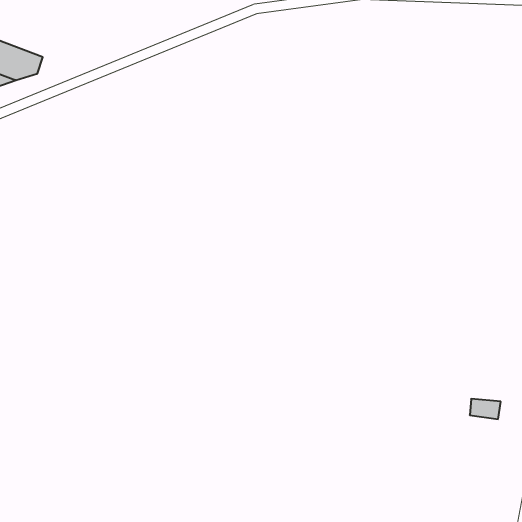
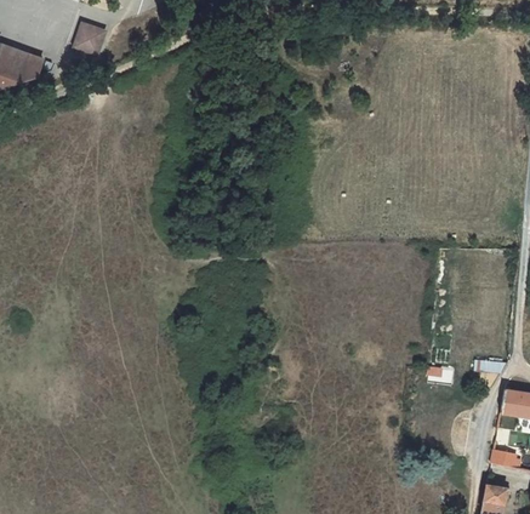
building: none -> [74,23,106,55]

